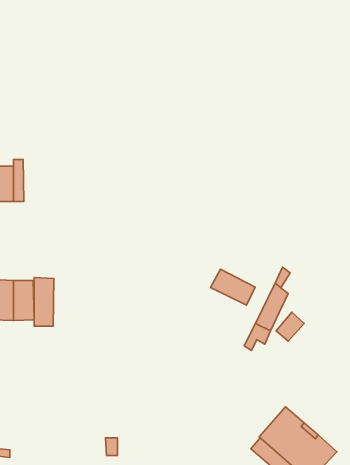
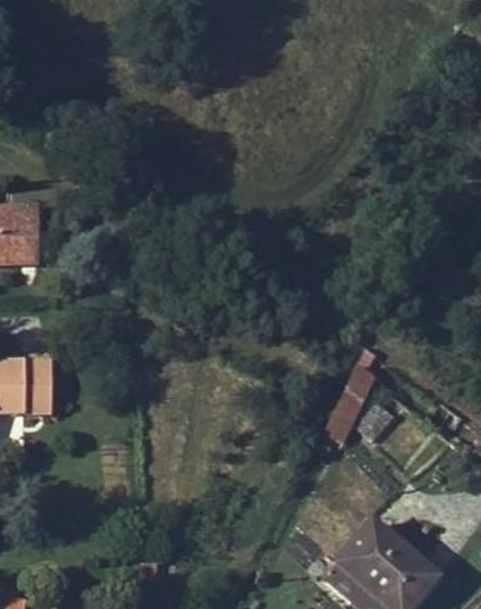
building: [210,269,255,305] -> none
building: [34,277,54,326] -> none

